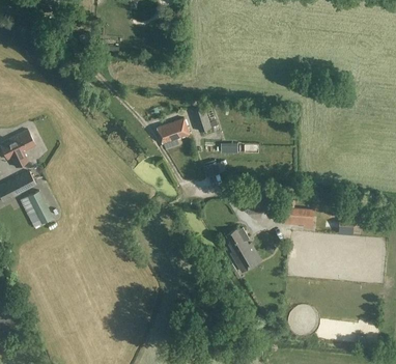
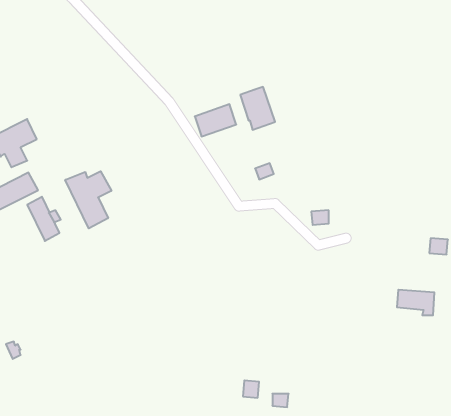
building: none -> [65,171,111,228]
building: [283,207,312,227] -> [397,290,434,315]
building: [226,227,260,271] -> none

